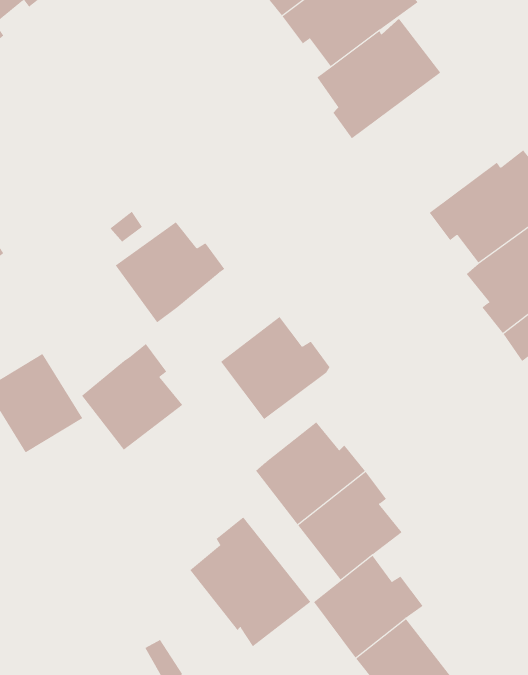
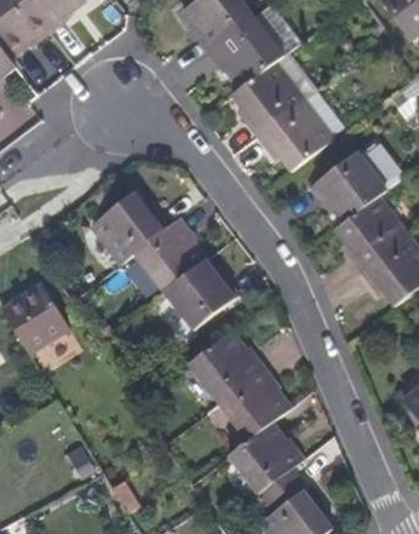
building: none -> [254,90,344,172]
building: [81,343,183,450] -> [134,216,205,289]
building: [189,517,311,647] -> none

